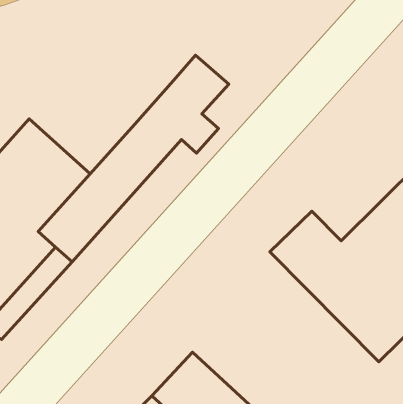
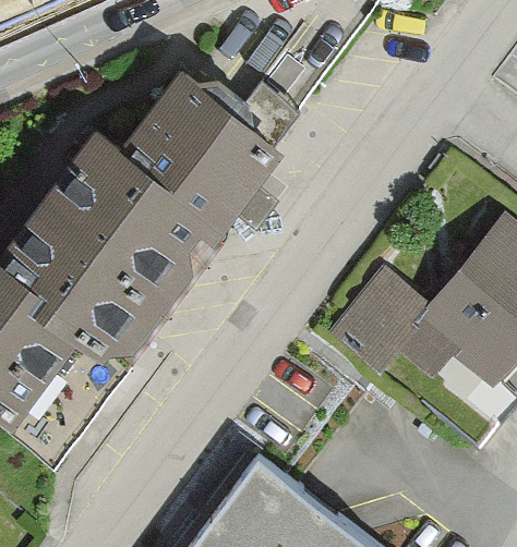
building: none -> [49,69,236,258]

